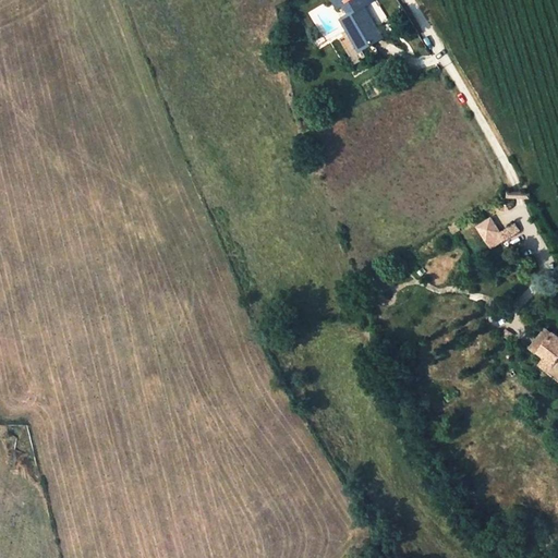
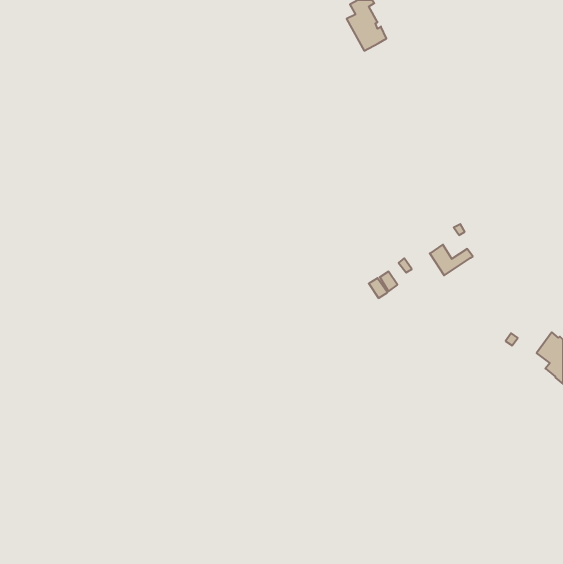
building: [477,218,520,248] -> [430,245,473,275]

